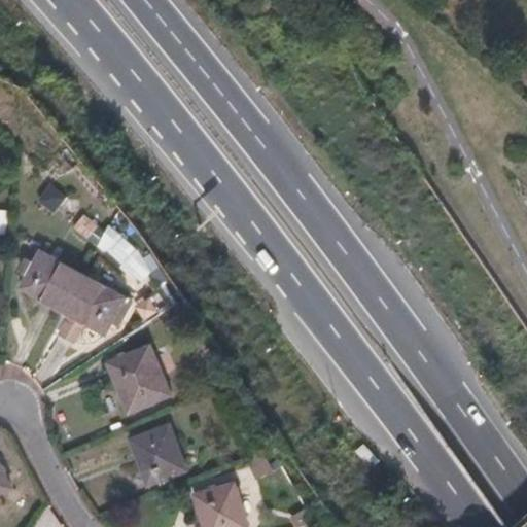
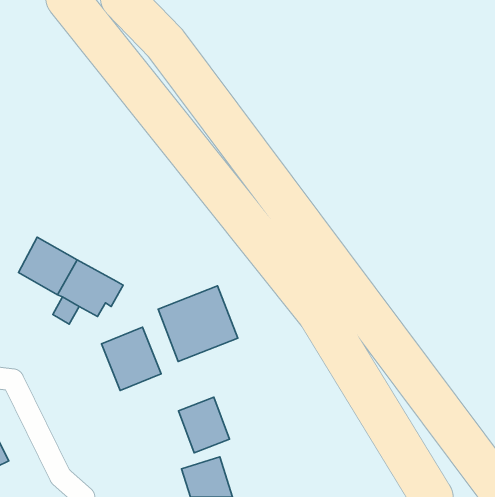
building: none -> [158,286,238,362]
building: [130,425,183,484] -> [179,397,229,453]

